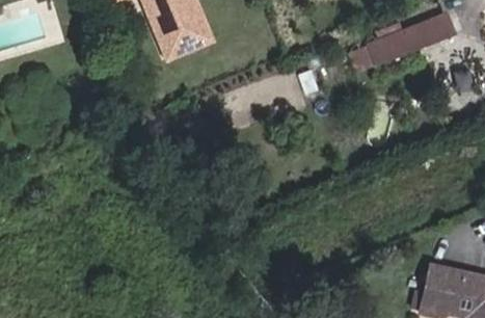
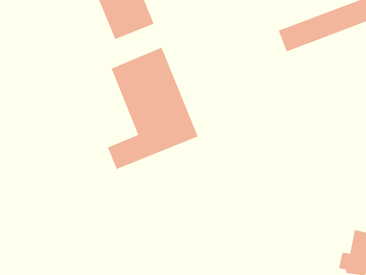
building: none -> [107,47,198,170]

